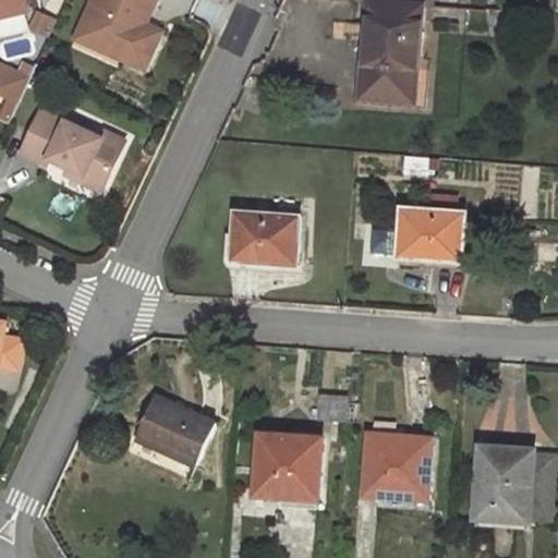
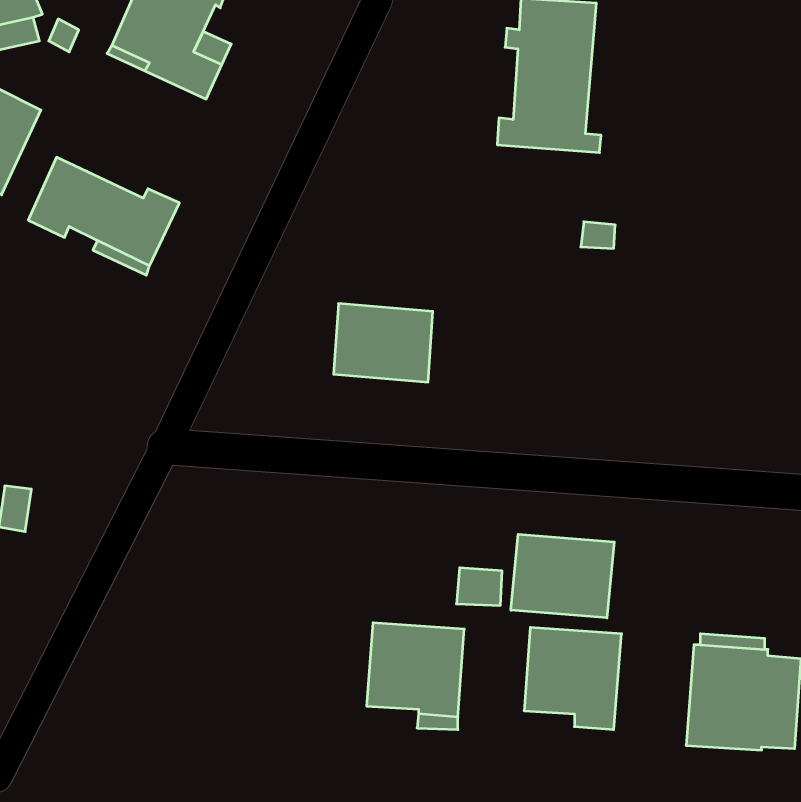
building: [398,207,464,260] -> none
building: none -> [511,534,614,618]
building: [135,396,215,465] -> none

